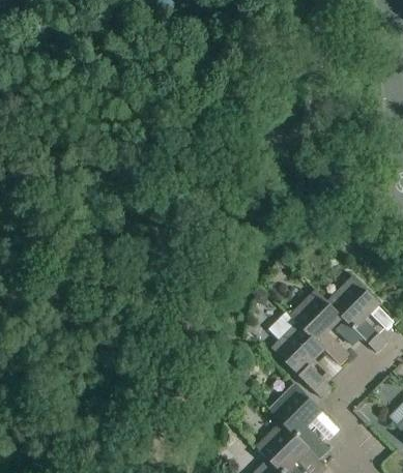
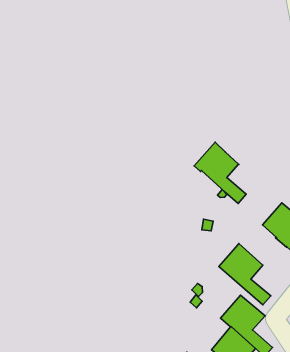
building: [290,289,350,364] -> [194,142,246,203]

